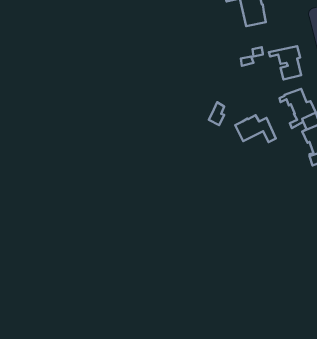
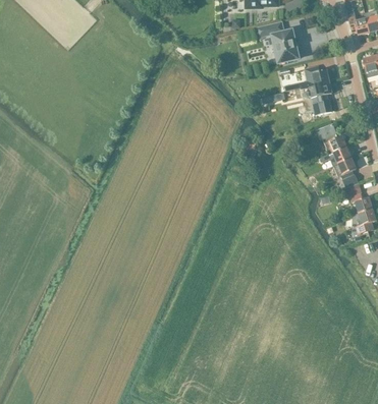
building: none -> [298,65,327,88]
building: [235,115,276,142] -> none

